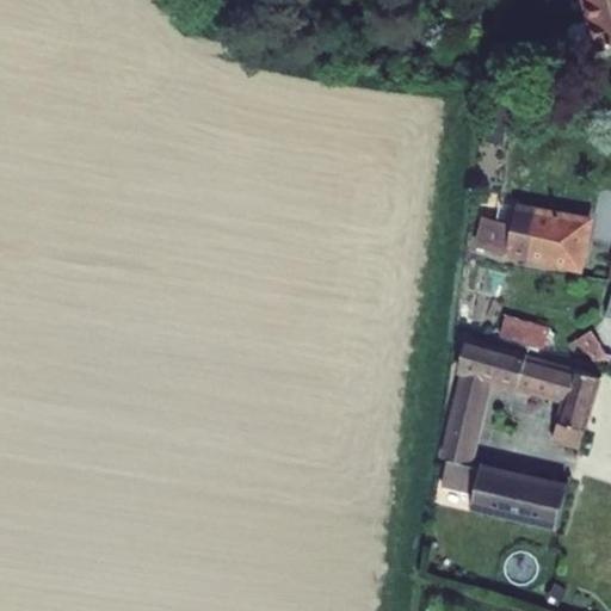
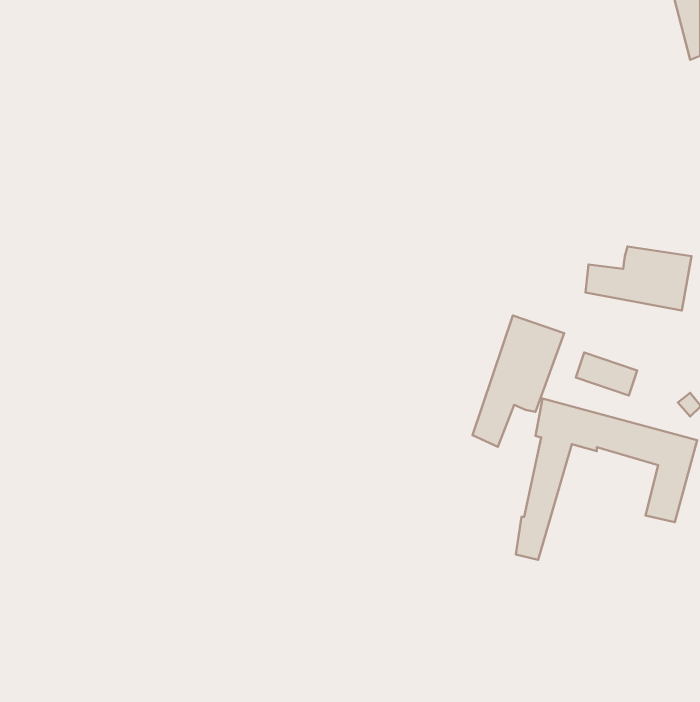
building: none -> [473,316,564,447]
building: [467,464,567,533] -> none

